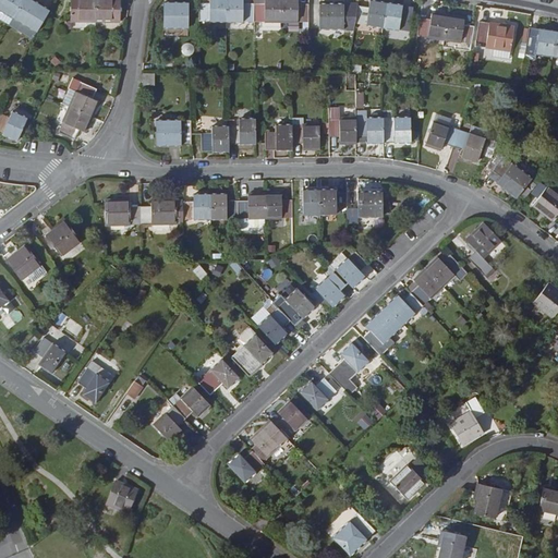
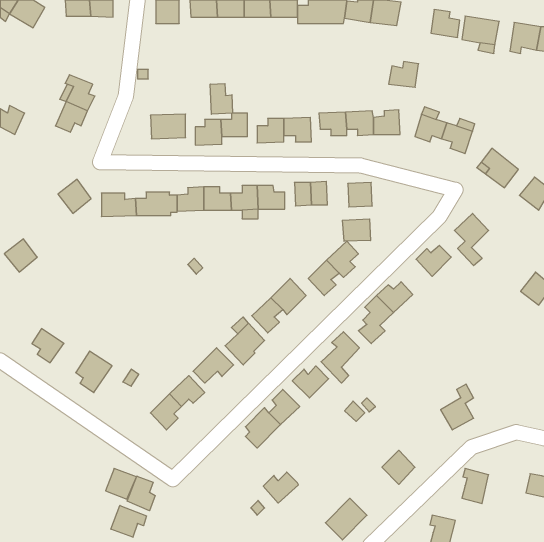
building: [414,11,445,37] -> [389,62,419,87]
building: none -> [210,84,233,114]
building: [46,222,80,257] -> [58,179,91,213]
building: none -> [342,219,370,241]
building: [411,268,442,304] -> none
building: [229,450,265,482] -> [263,472,298,503]
building: none -> [127,476,155,511]
building: none -> [111,505,147,537]

